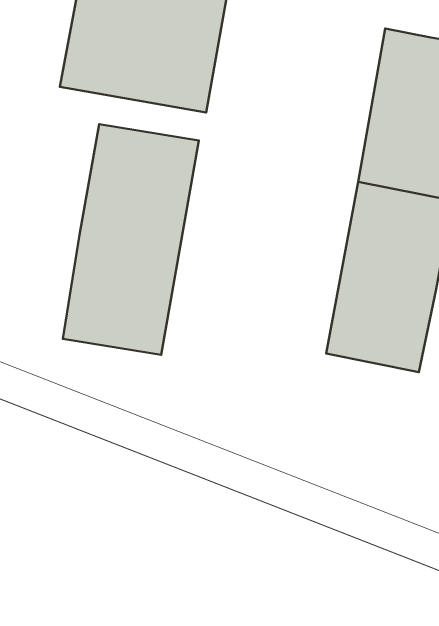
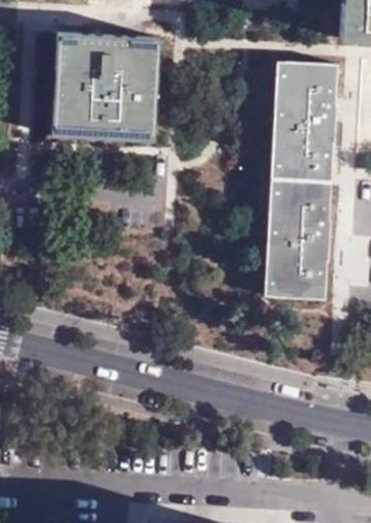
building: [63,124,199,355] -> none

